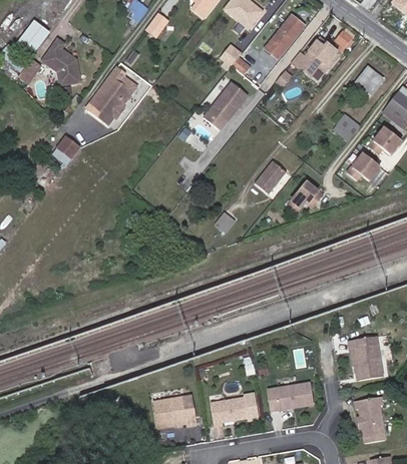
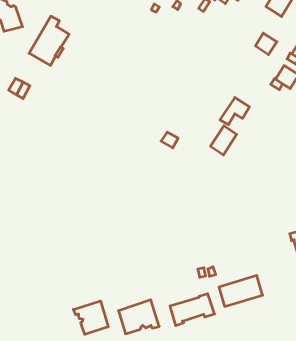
building: [202,81,248,129] -> none
building: [256,161,286,193] -> [211,126,237,155]
building: none -> [73,301,108,334]

